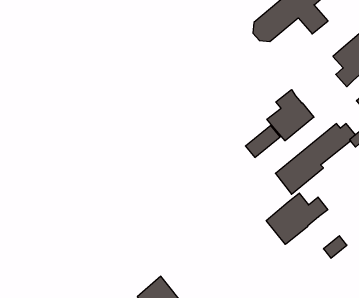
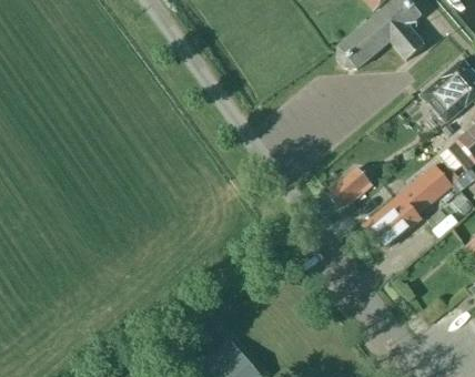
building: [267,90,314,141] -> none
building: [266,193,328,244] -> none

